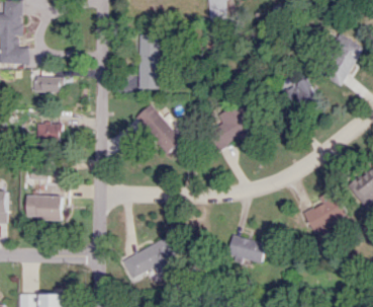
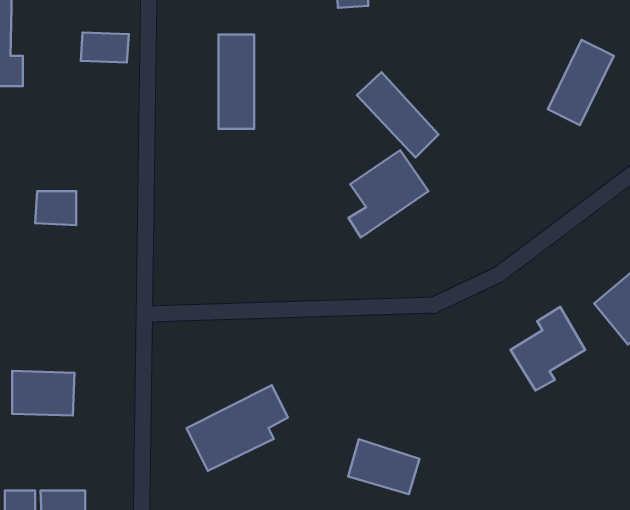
building: [33,76,61,93] -> [81,32,129,63]
building: [285,77,318,111] -> none
building: [134,104,181,153] -> [357,72,439,158]
building: [24,195,60,220] -> [12,371,75,415]
building: [227,233,268,264] -> [348,439,419,494]

